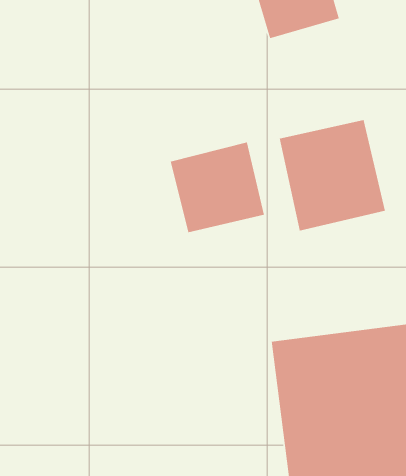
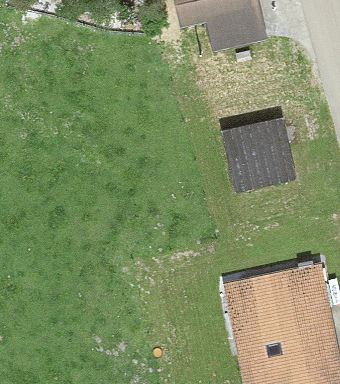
building: [170,141,265,233] -> none

